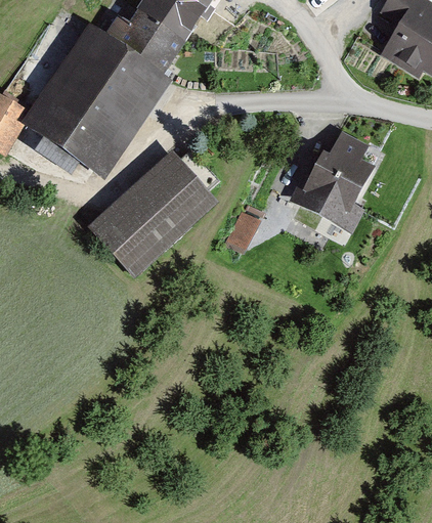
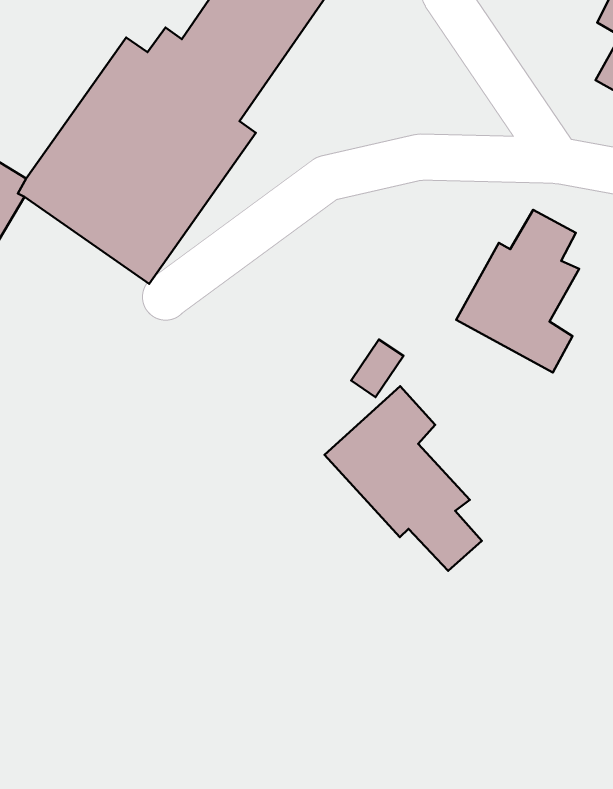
building: [90,152,221,280] -> none
building: none -> [324,386,482,571]

